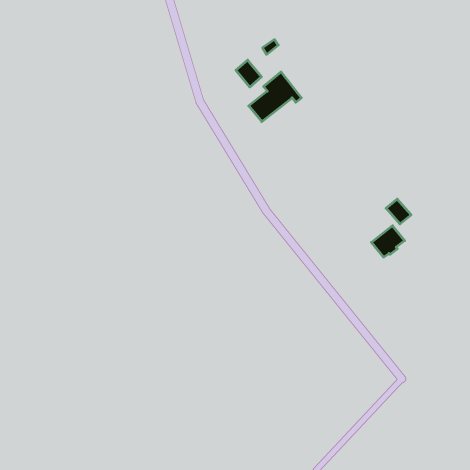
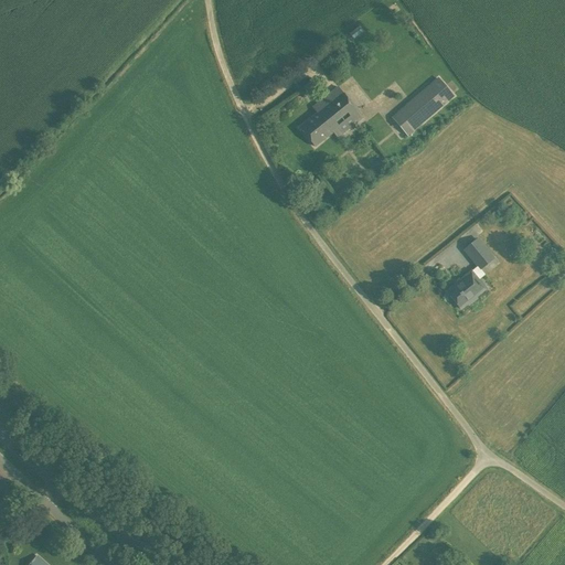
building: [236,60,261,87] -> none
building: none -> [396,78,451,129]

